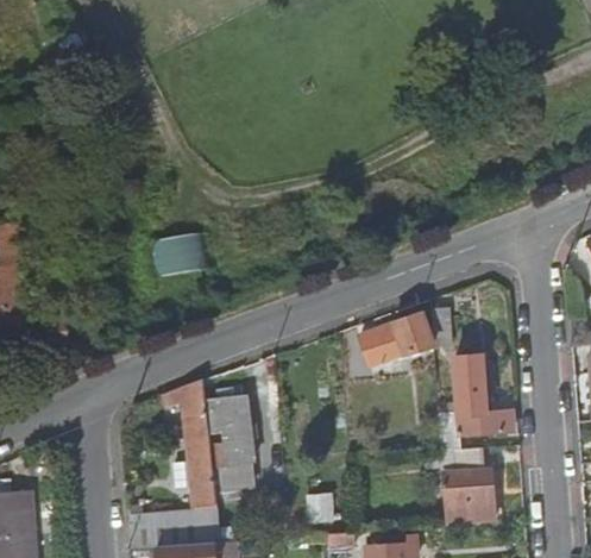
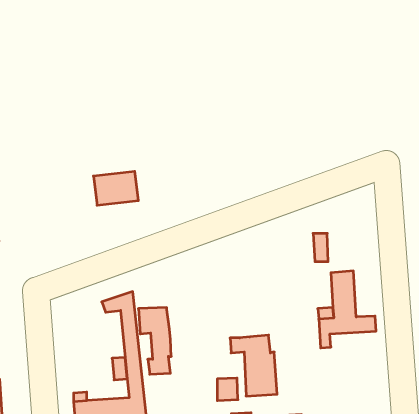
building: [366,314,432,365] -> none
building: [429,450,489,527] -> [230,335,277,396]

